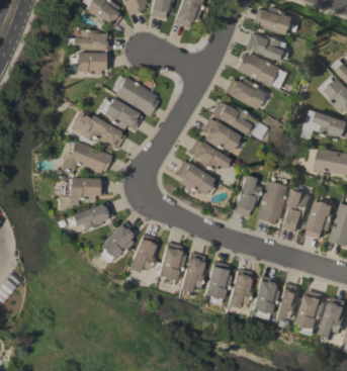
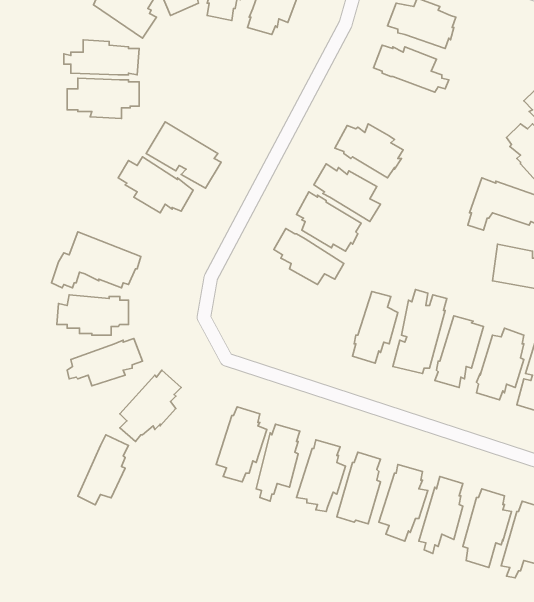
building: [237,53,281,87] -> none
building: [79,114,126,148] -> none
building: [176,160,214,195] -> none
building: [127,233,157,273] -> [78,435,129,505]

